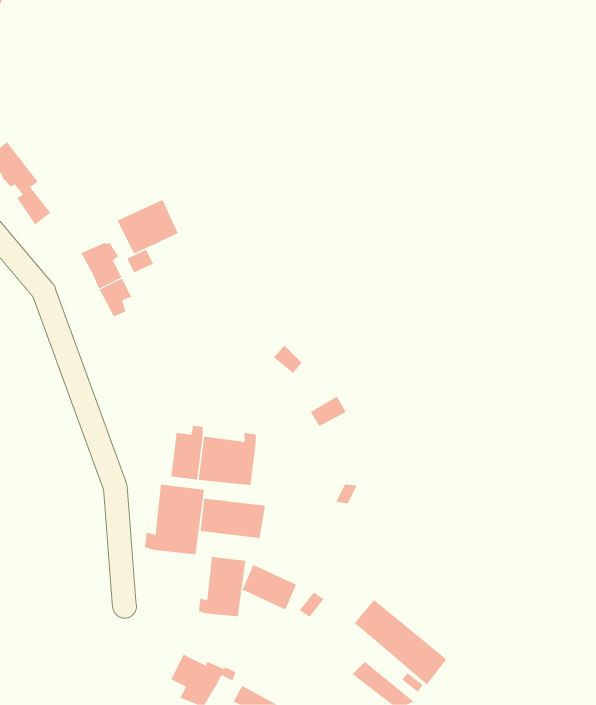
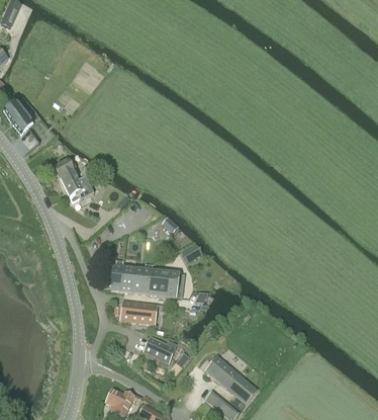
building: [117,199,178,254] -> none
building: none -> [150,270,179,298]
building: [145,484,205,555] -> none
building: [198,556,246,617] -> none

